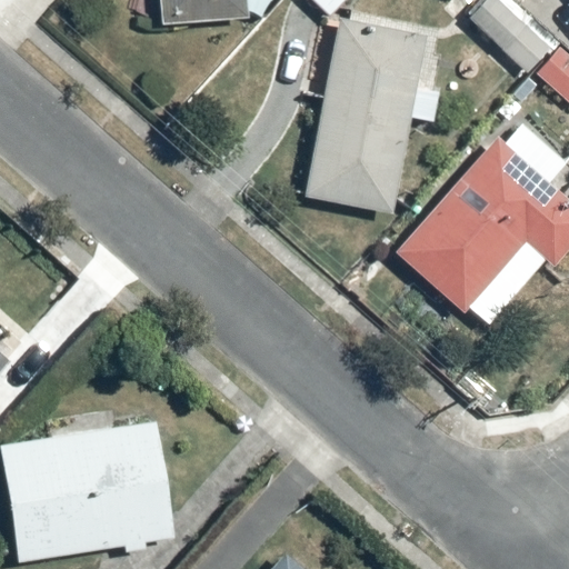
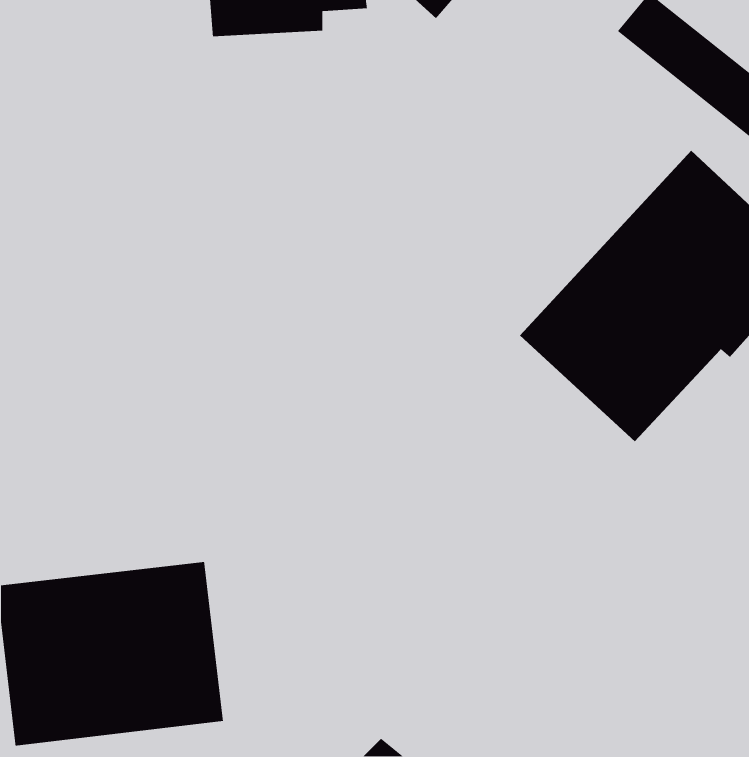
building: [302,9,456,213] -> none

